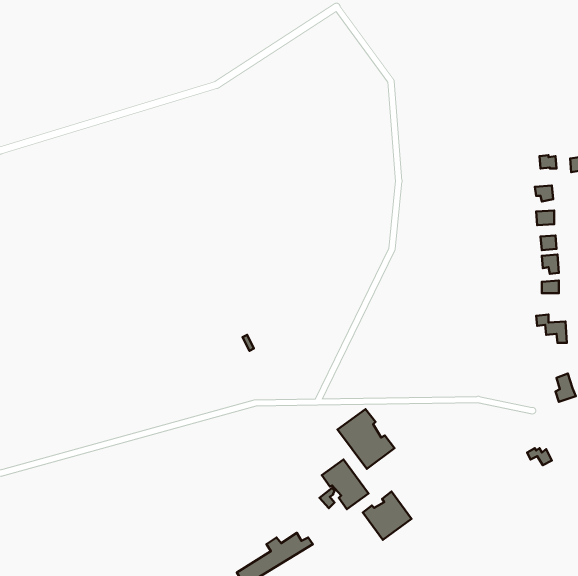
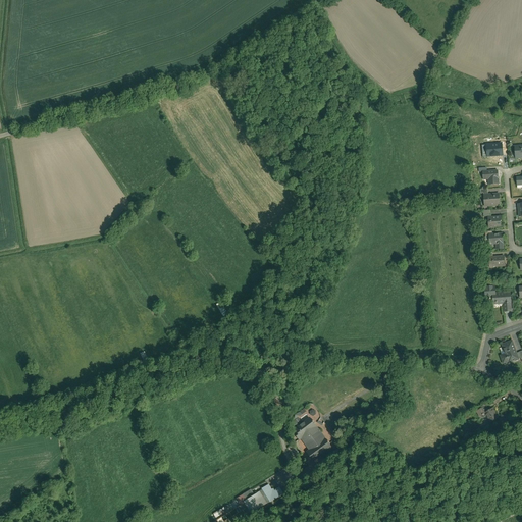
building: [338,409,395,469] -> none
building: [363,492,411,540] -> none

